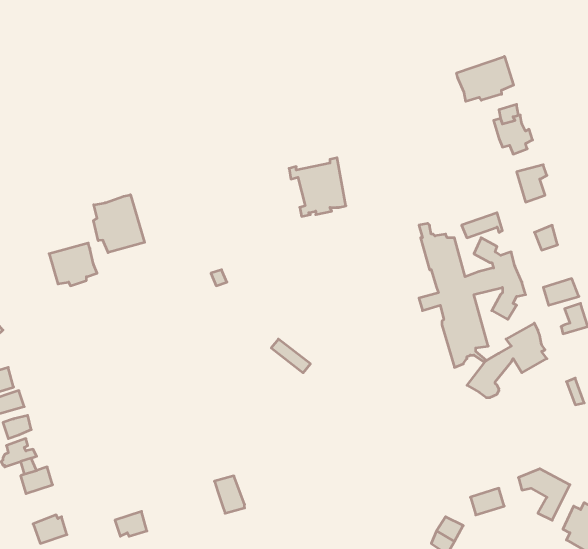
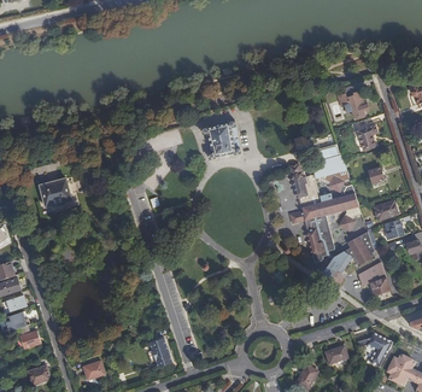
building: [457,56,514,101] -> none
building: [93,195,145,253] -> none
building: none -> [358,261,391,293]

